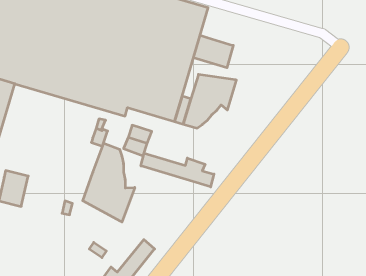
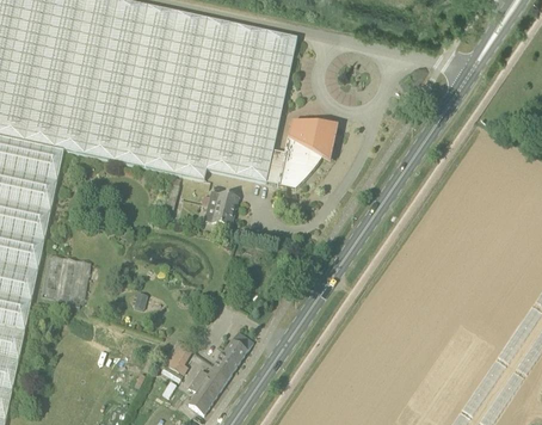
building: [194,35,233,68] -> none
building: [83,143,135,222] -> none
building: [141,153,214,187] -> none

